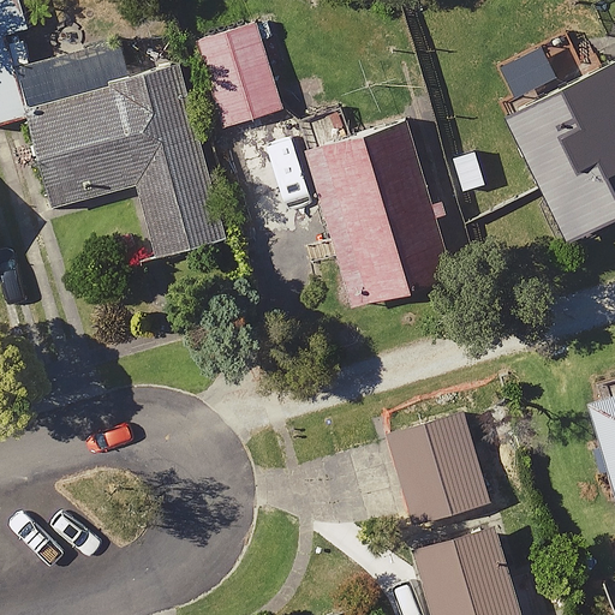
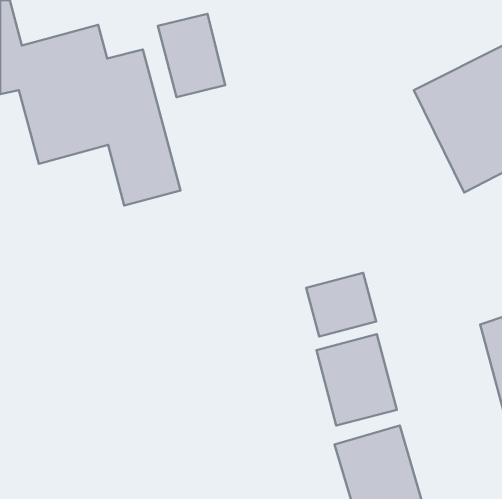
building: [315,120,449,300] -> none
building: none -> [306,273,376,337]

